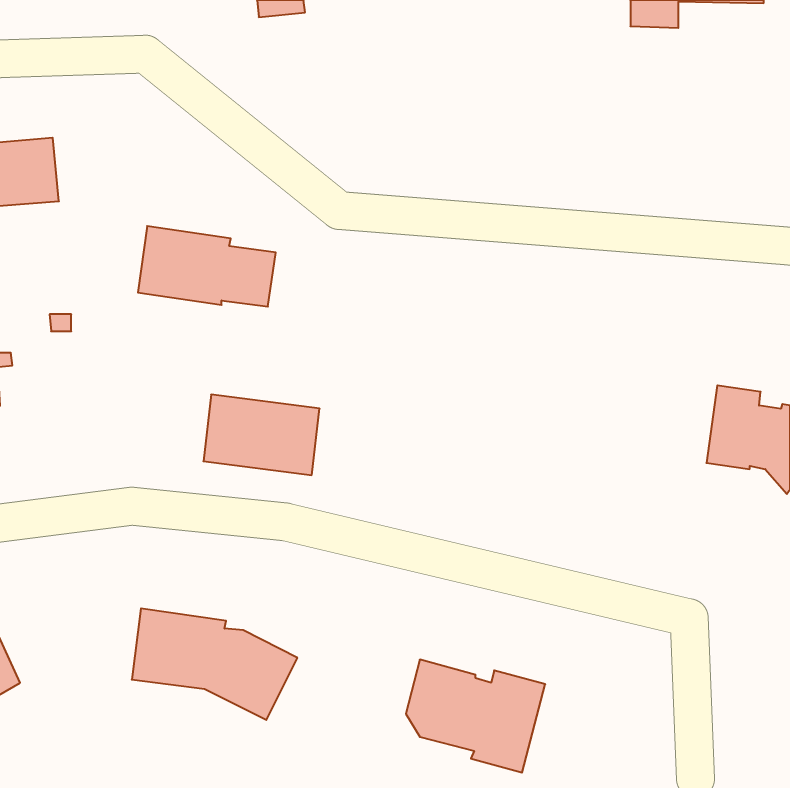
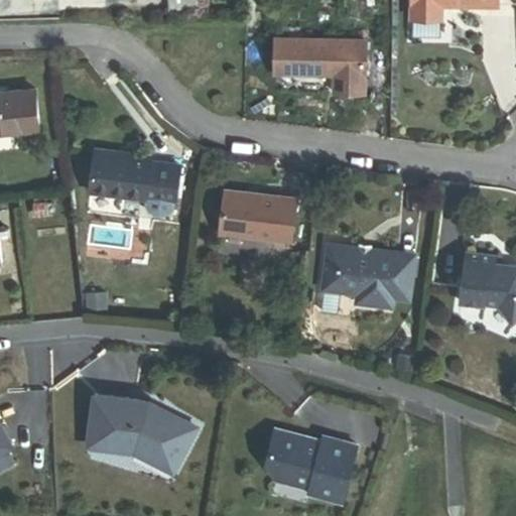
building: none -> [274,38,366,95]
building: none -> [324,246,413,308]
building: [203,395,320,475] -> [220,190,295,243]

